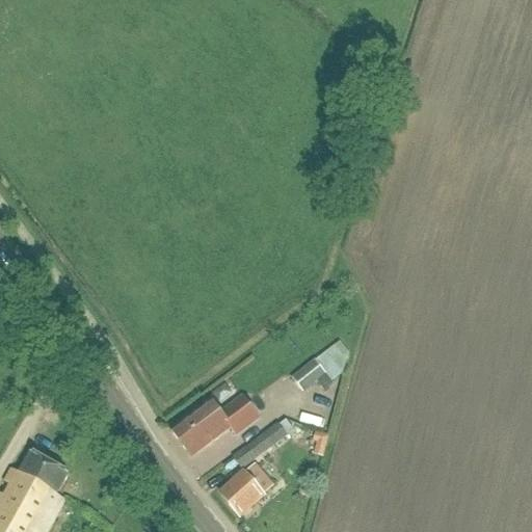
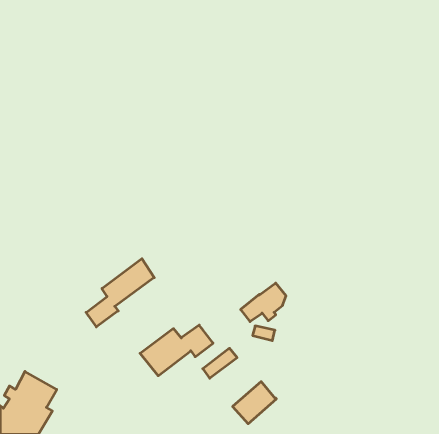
building: none -> [86,259,154,327]
building: [220,462,273,513] -> [233,382,276,424]

